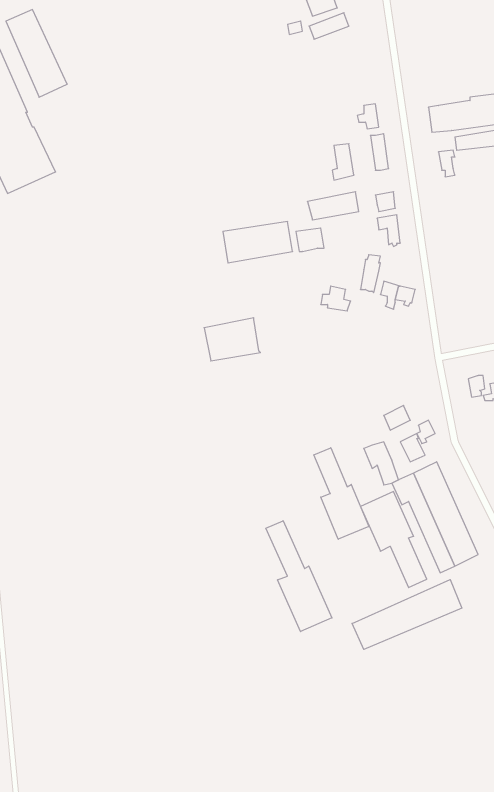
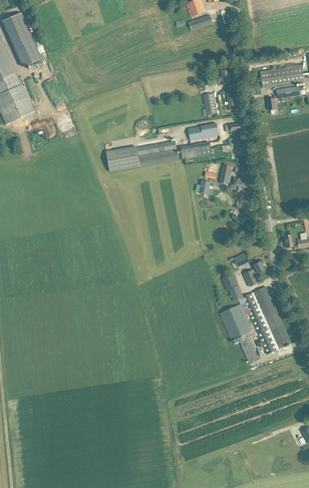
building: [204,318,260,361] -> [105,145,139,171]
building: [314,448,369,539] -> none
building: [266,521,332,632] -> none
building: [352,580,462,649] -> none

